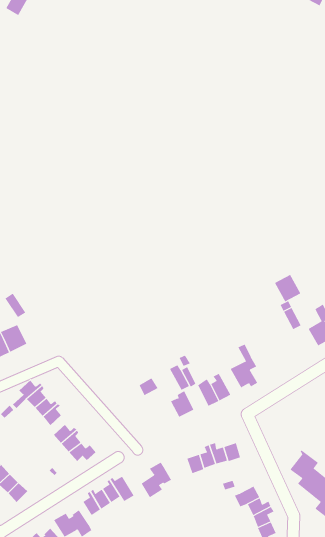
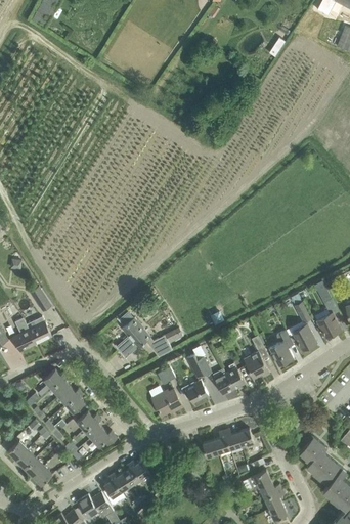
building: [274,274,301,302] -> [291,322,316,349]
building: none -> [114,317,171,358]
building: none -> [268,329,294,365]
building: none -> [151,389,182,416]
building: [141,462,172,498] -> none

